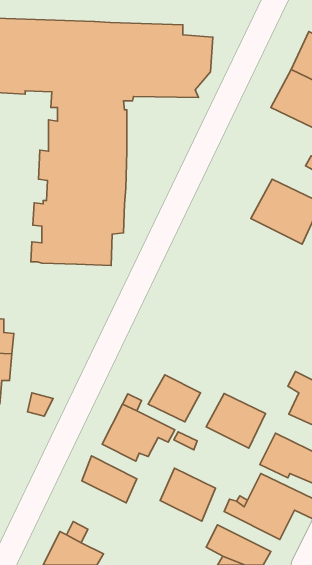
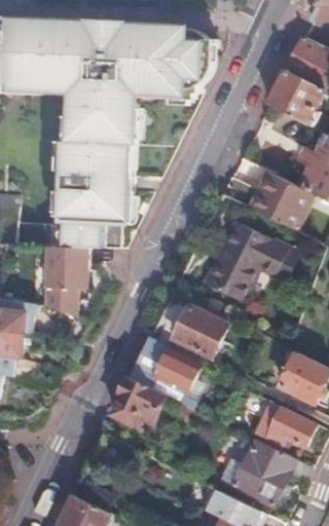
building: none -> [202,211,296,304]
building: none -> [47,246,106,325]
building: [206,393,265,448] -> [173,306,227,356]
building: [82,456,137,503] -> none
building: [160,468,215,521] -> none

